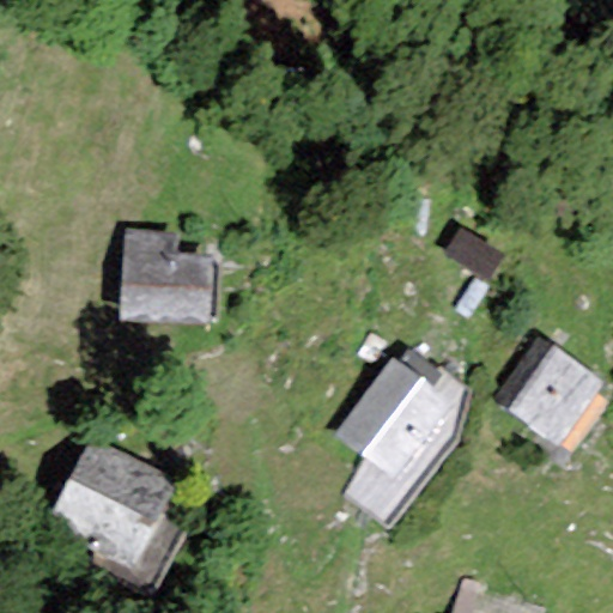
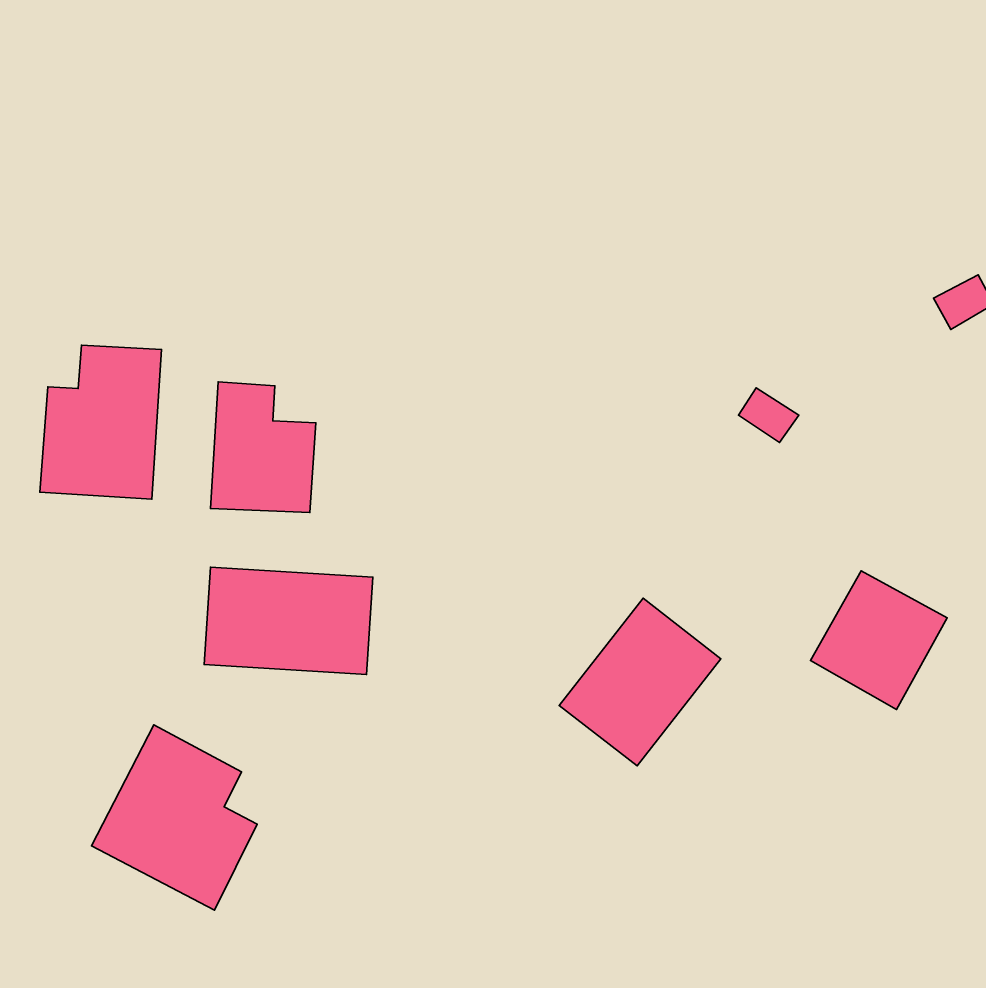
building: none -> [40,345,162,499]
building: none -> [204,567,373,675]

